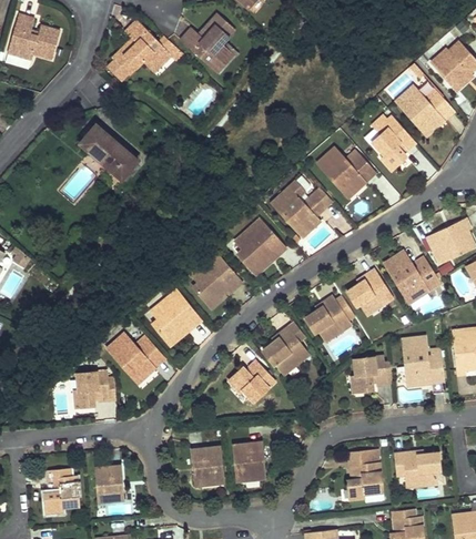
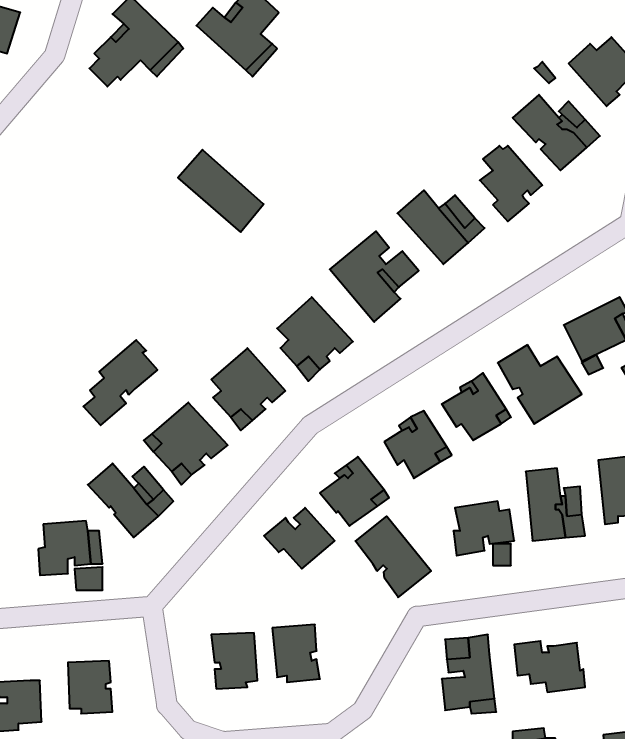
building: [80,122,138,177] -> [178,150,264,232]
building: none -> [83,340,157,425]
building: none -> [355,516,431,597]

